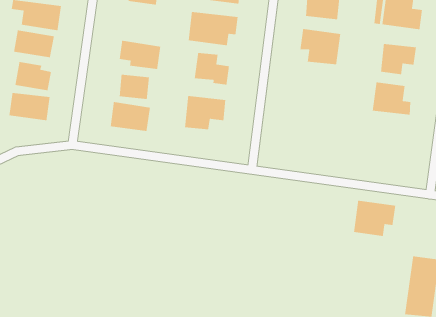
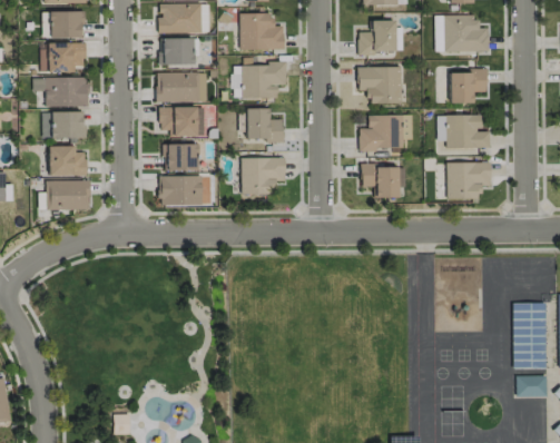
building: none -> [156,72,208,101]
building: none -> [360,115,412,149]
building: none -> [362,166,400,197]
building: [353,200,396,237] -> [448,163,491,199]

